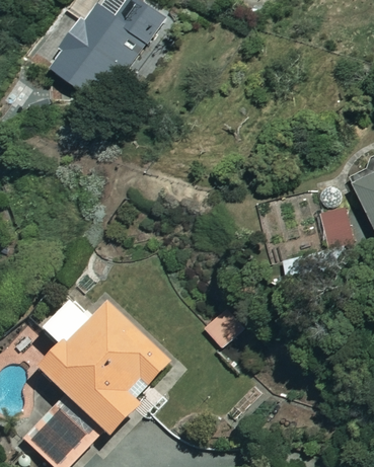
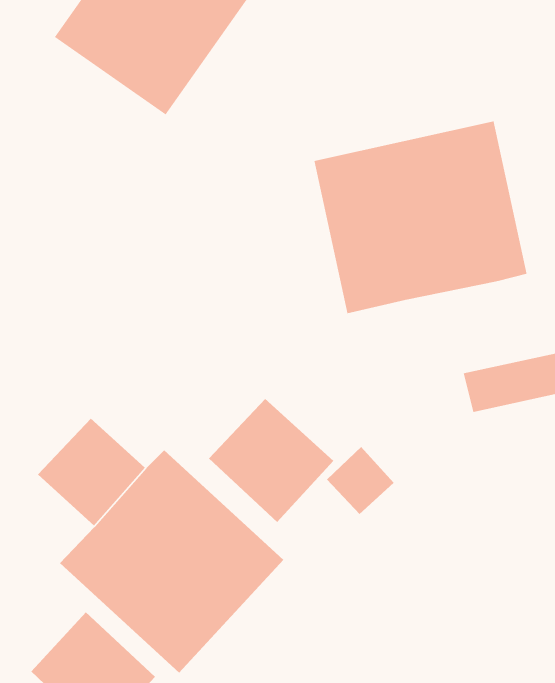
building: none -> [313,121,527,314]
building: none -> [208,398,334,523]

